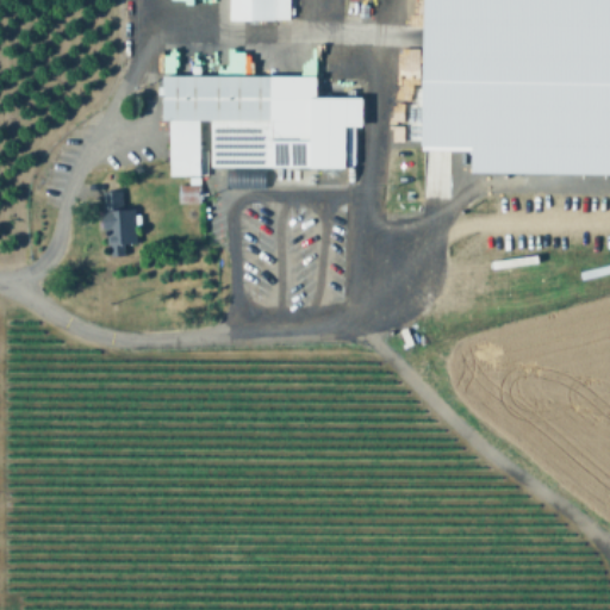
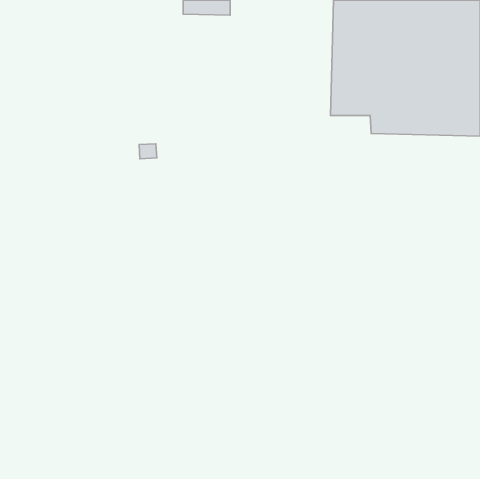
building: [166,76,365,176] -> none
building: [105,183,142,257] -> none

